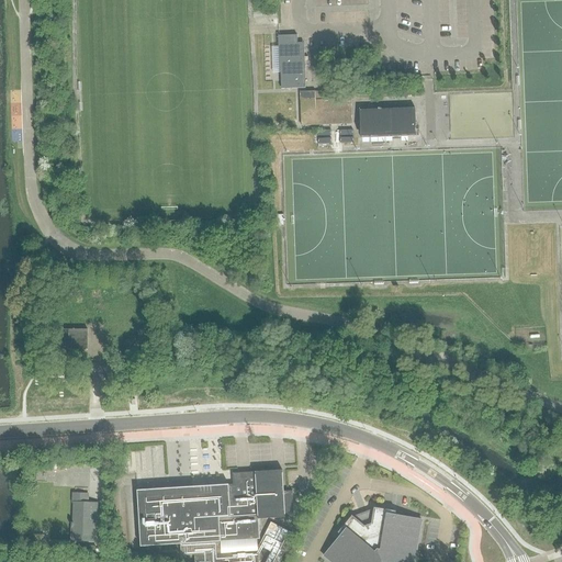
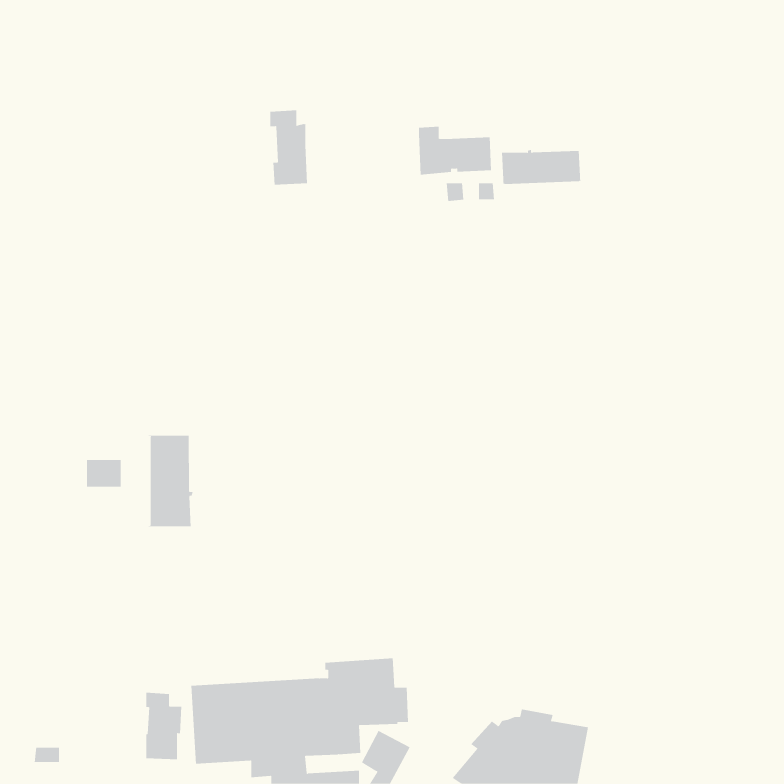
building: [277,34,304,88] -> [269,110,308,185]
building: none -> [148,435,193,527]
building: [70,492,97,540] -> [145,692,182,760]

